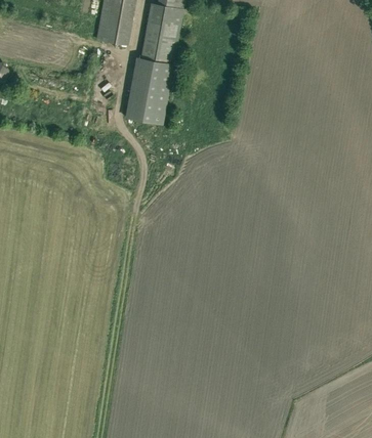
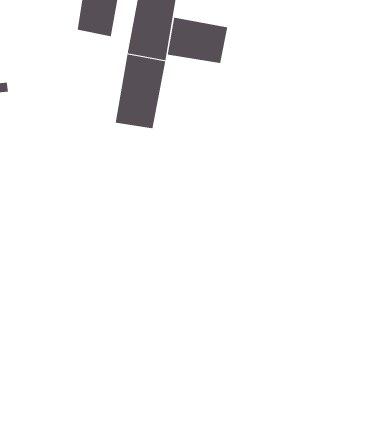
building: none -> [167,17,228,64]

